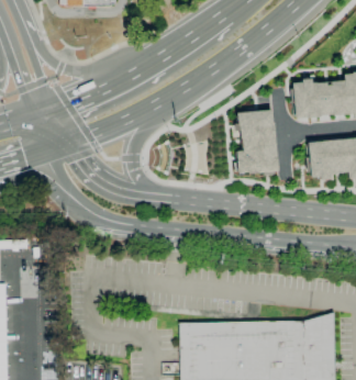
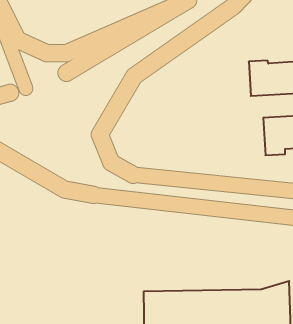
building: [235,110,278,175] -> none

